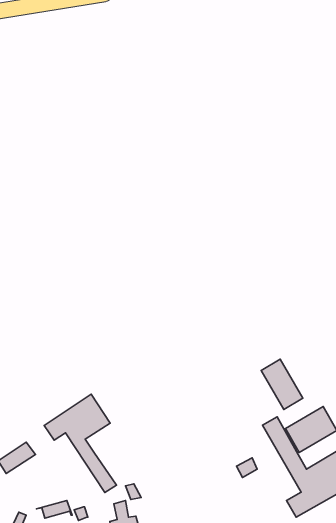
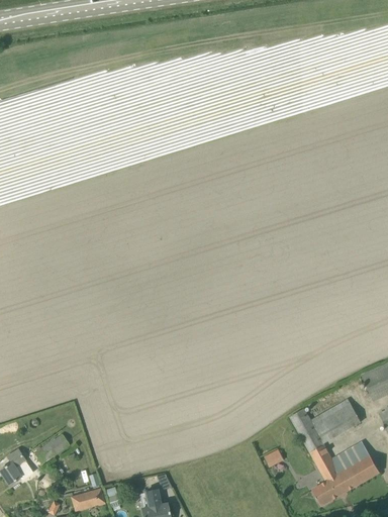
building: [261,359,303,410] -> none
building: [44,394,116,493] -> none

